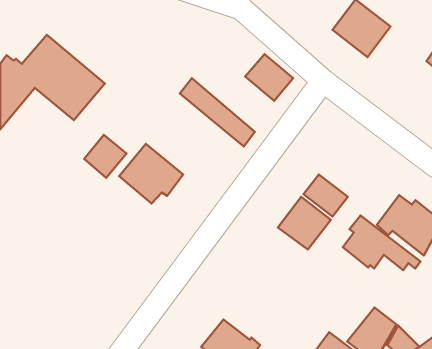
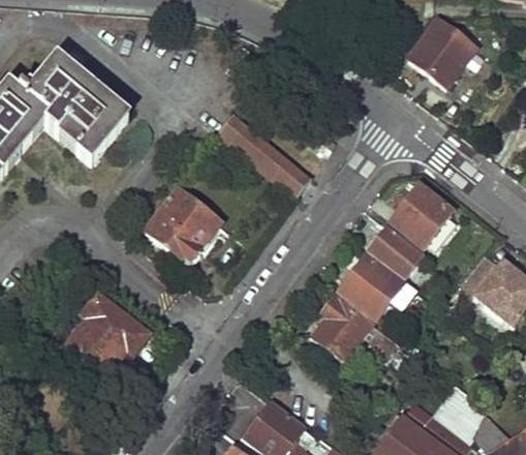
building: [245,54,293,101] -> none
building: [84,135,127,178] -> none
building: none -> [390,185,452,247]
building: [343,216,420,270] -> [312,296,406,362]
building: none -> [64,298,145,387]

